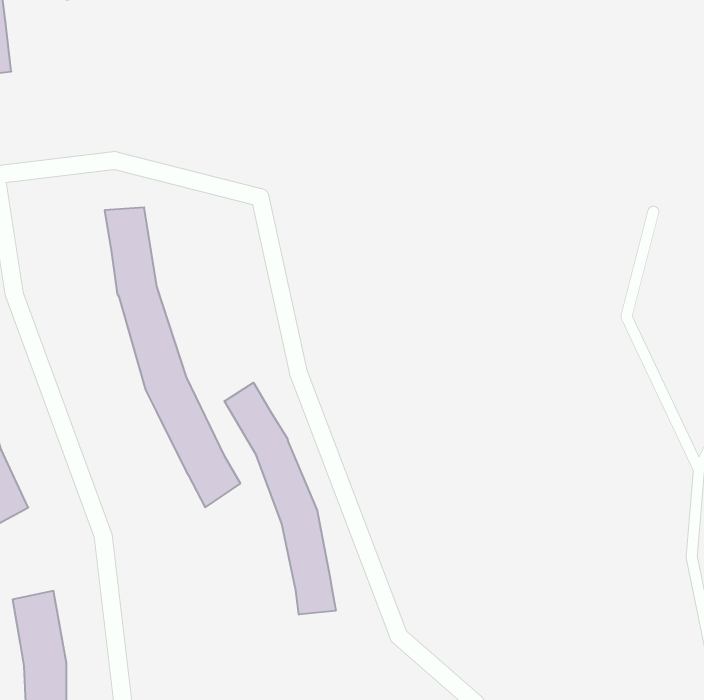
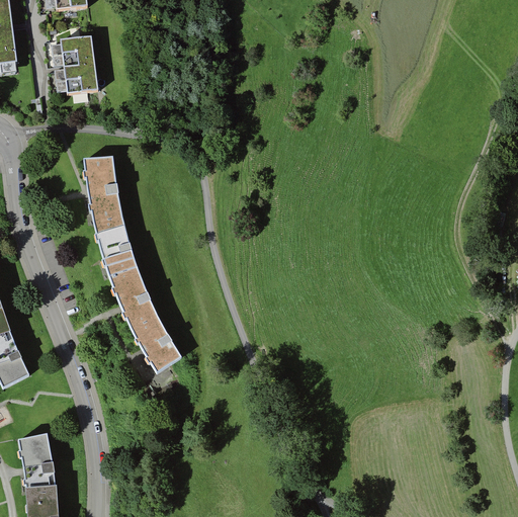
building: none -> [59,35,98,94]
building: [224,383,336,615] -> none

